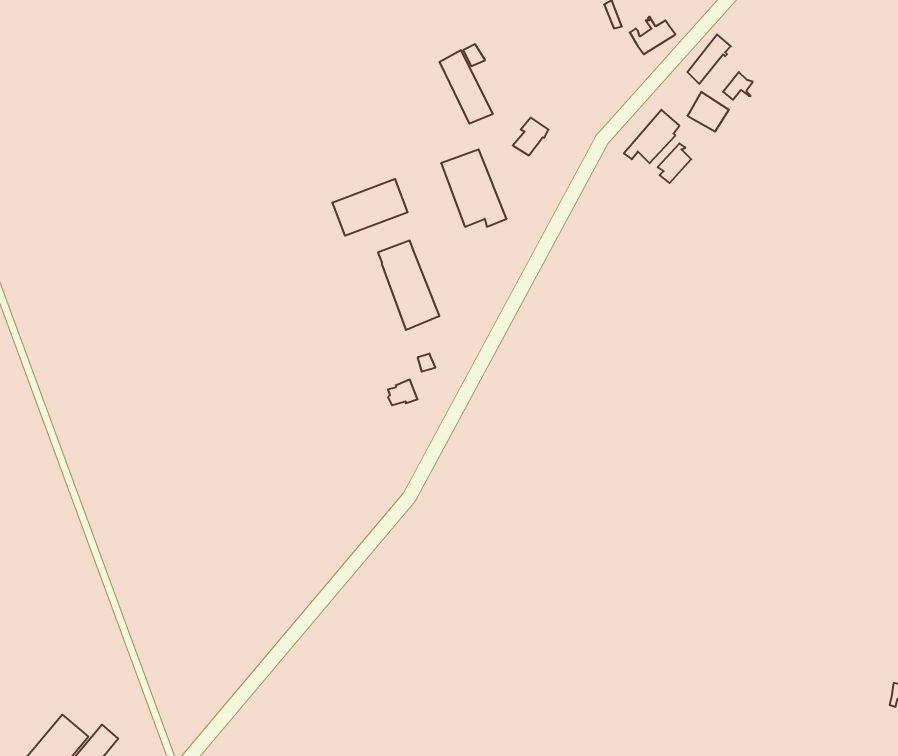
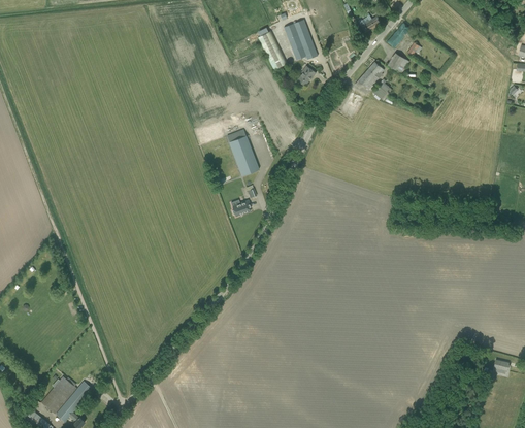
building: [441,149,507,227] -> [284,20,318,60]
building: [332,179,408,236] -> none

